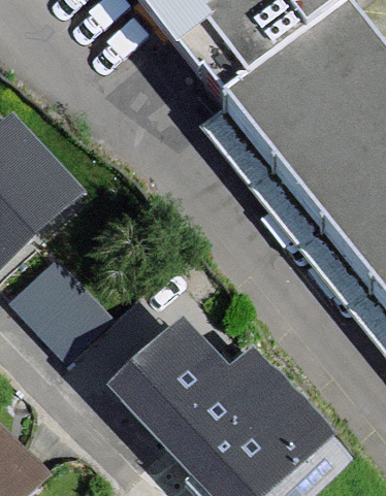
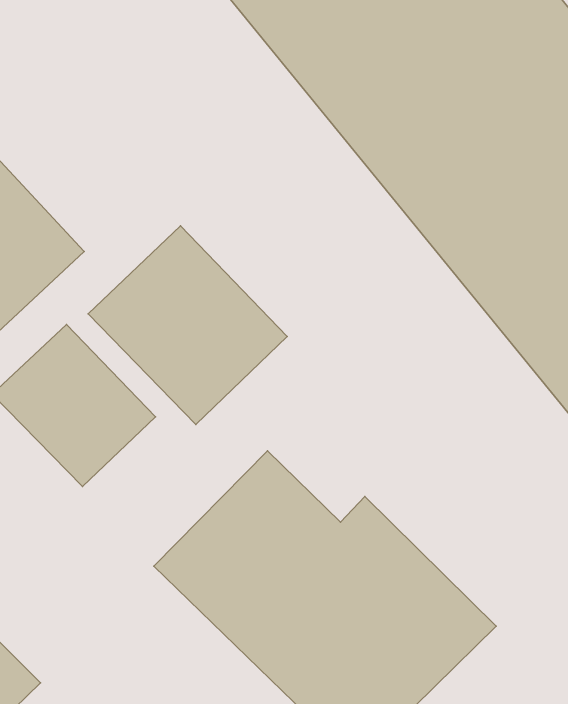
building: none -> [88,226,287,424]

